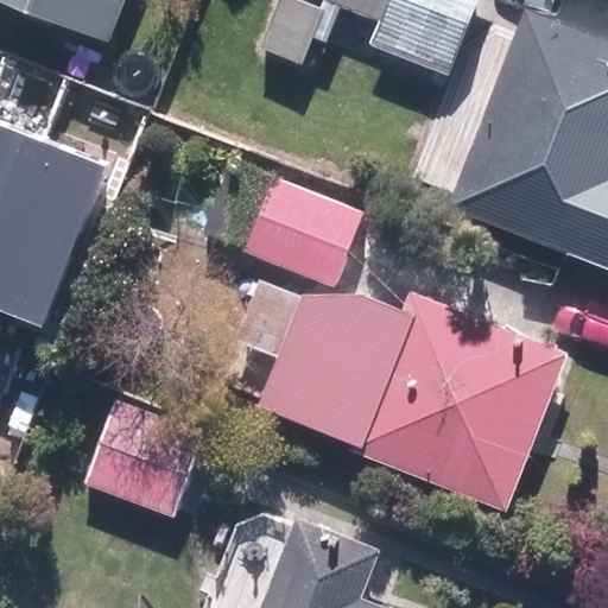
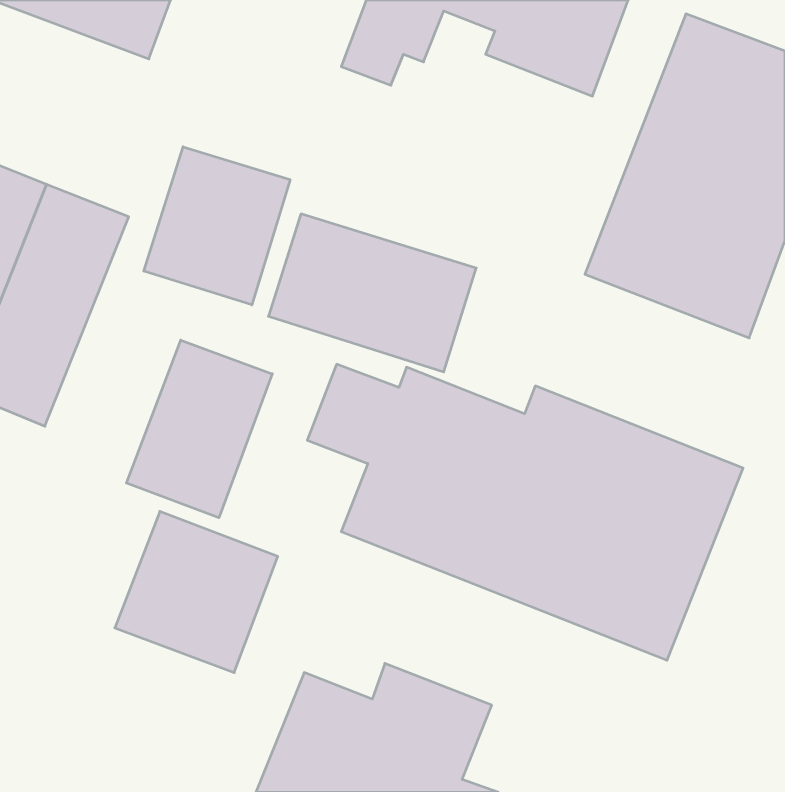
building: none -> [144,147,290,305]
building: none -> [126,340,272,518]

